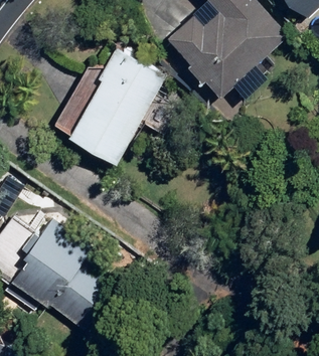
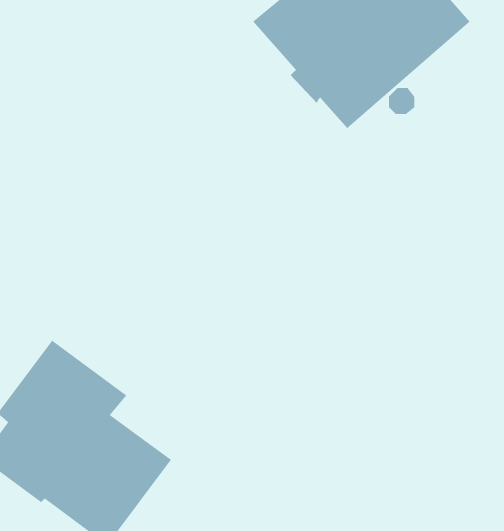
building: [67,45,166,164] -> none

